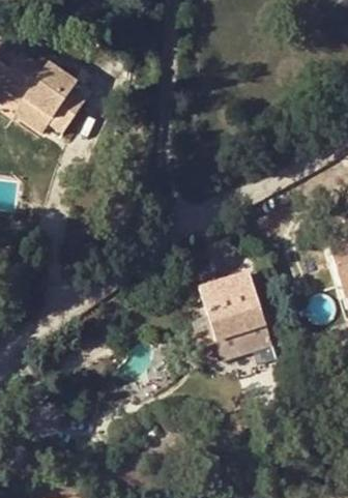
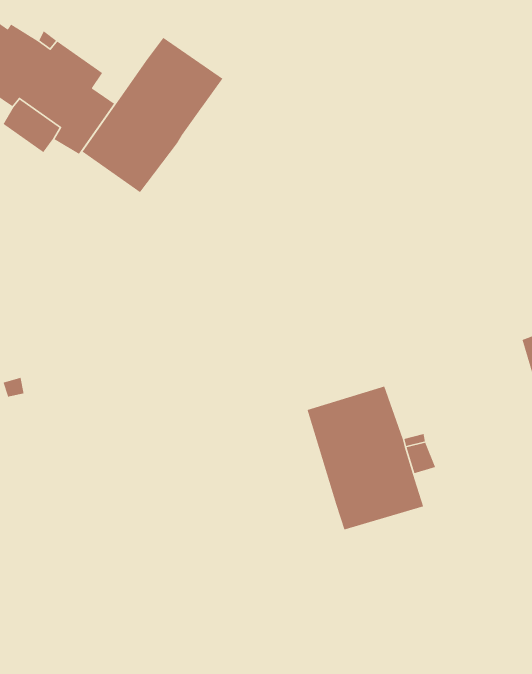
building: none -> [81,37,223,193]

